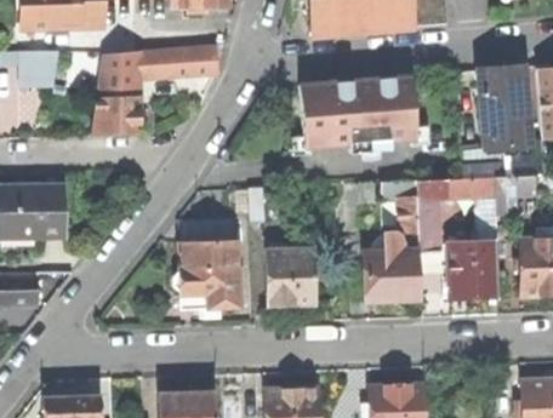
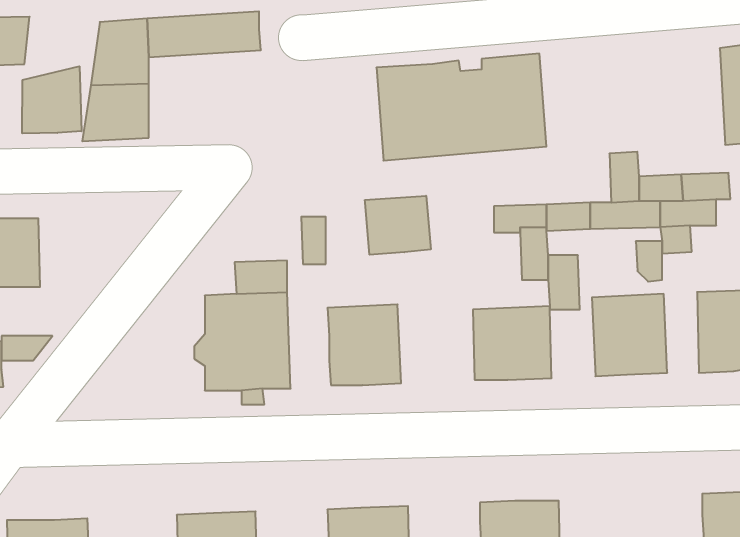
building: [479,68,530,149] -> none
building: none -> [22,66,81,133]
building: none -> [365,196,431,255]

